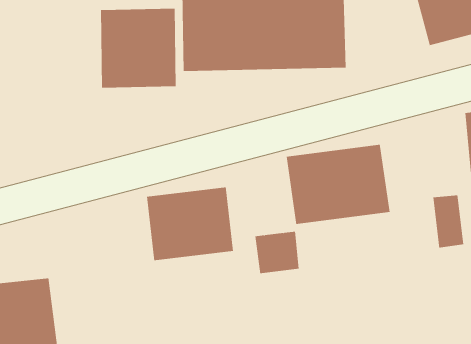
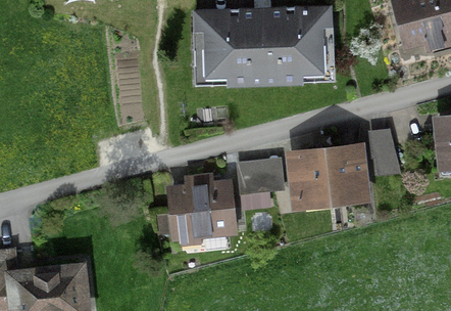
building: [100,8,176,89] -> none
building: [433,195,464,248] -> [369,130,396,175]
building: [255,231,300,274] -> [238,159,275,194]

